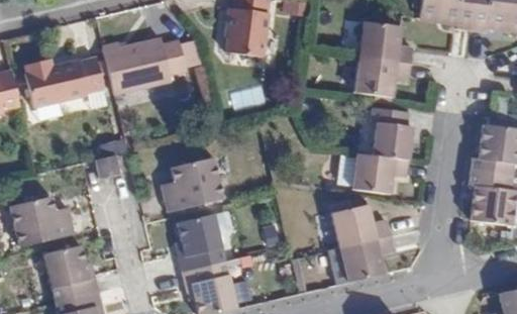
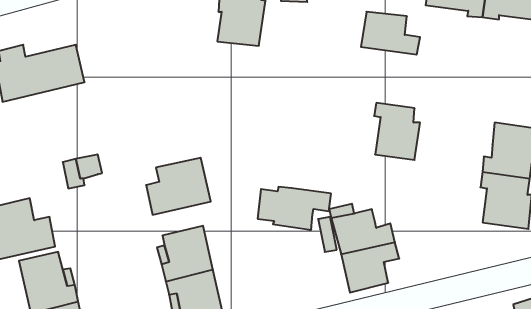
building: [102,40,185,94] -> none
building: [354,56,410,96] -> none
building: [340,153,408,193] -> [258,187,331,230]

